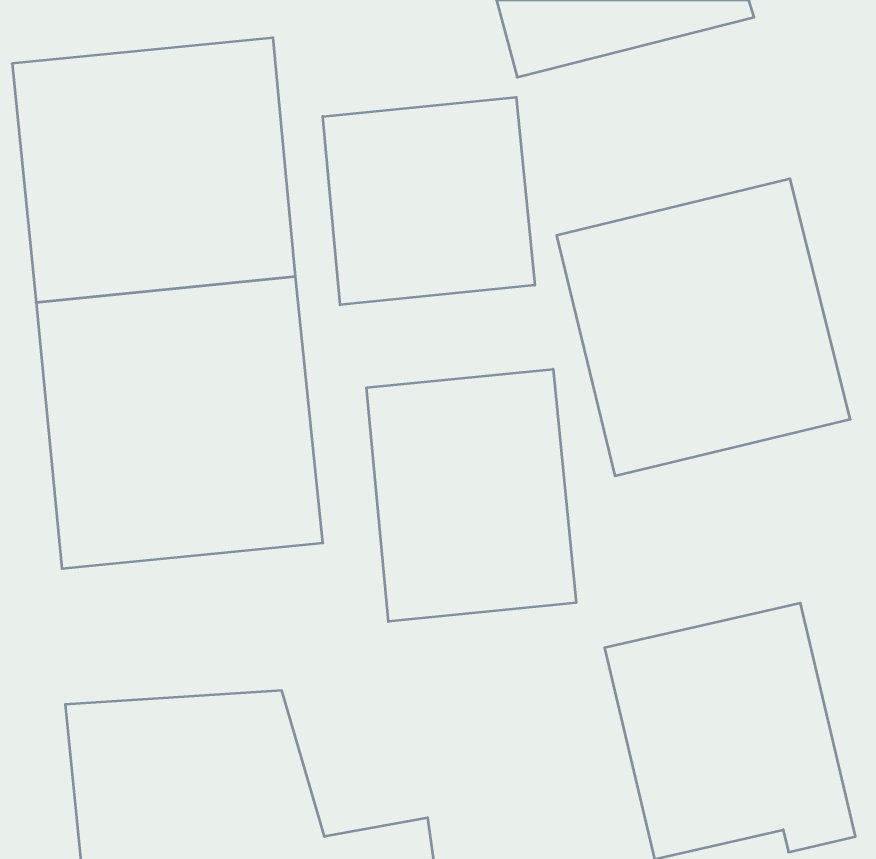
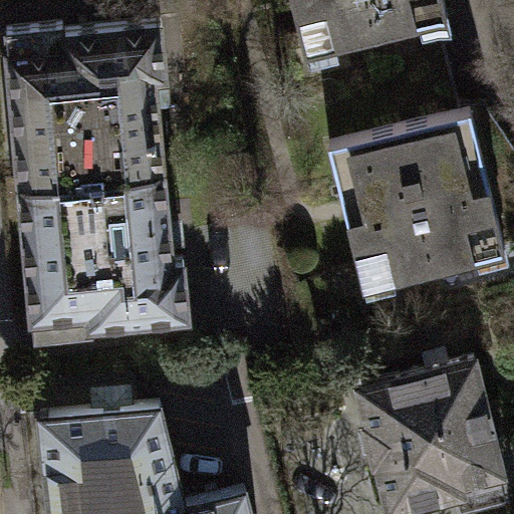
building: [323,97,535,305] -> none
building: [367,369,576,622] -> none

